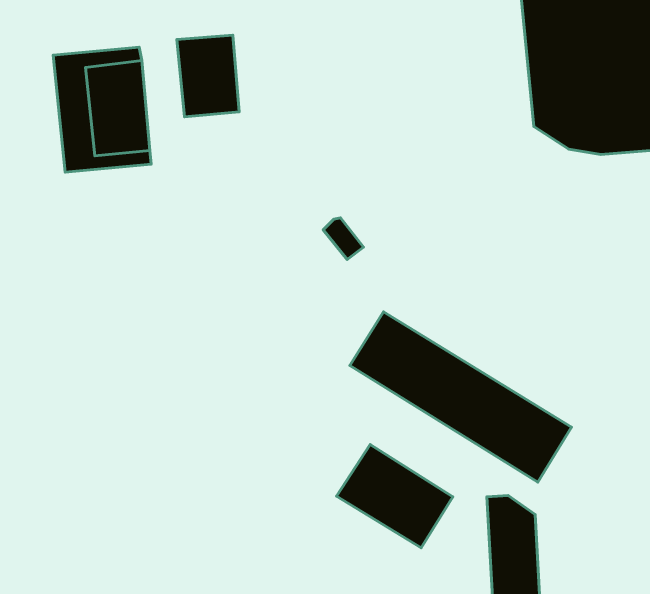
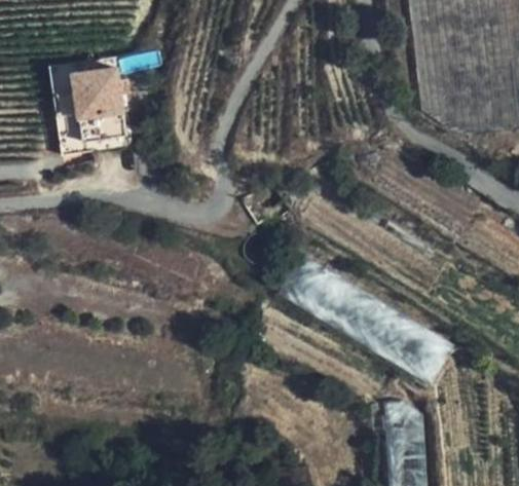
building: [177,35,239,117] -> none
building: [337,445,453,548] -> none

